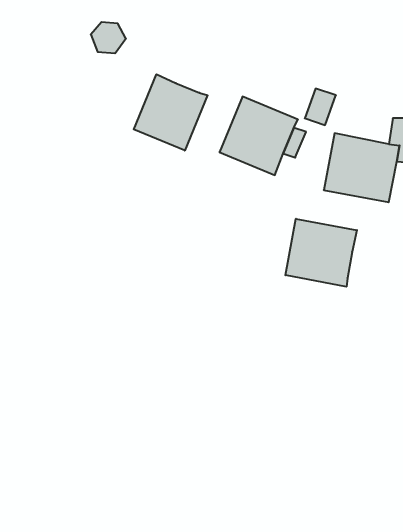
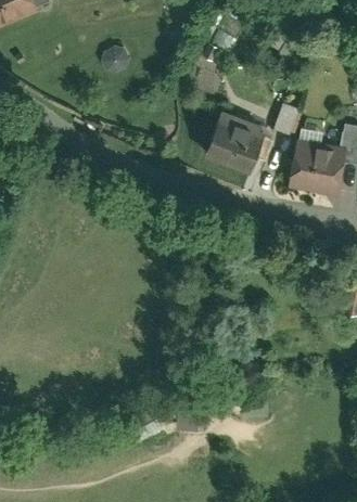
building: [134,74,208,151] -> none
building: [285,219,357,287] -> none

